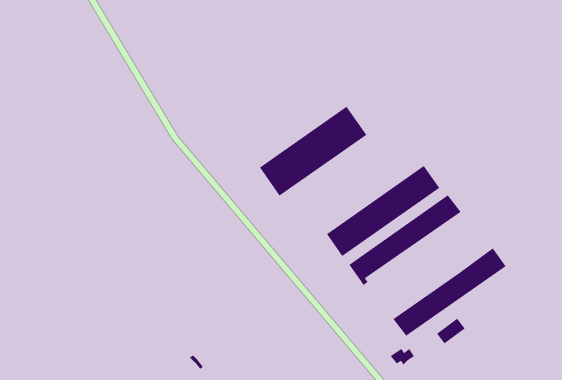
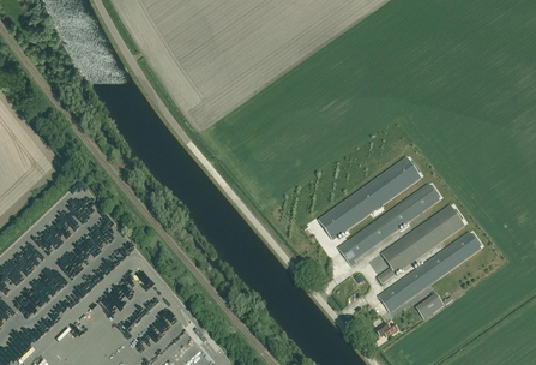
building: [259,106,367,196] -> none
building: none -> [375,203,464,283]

